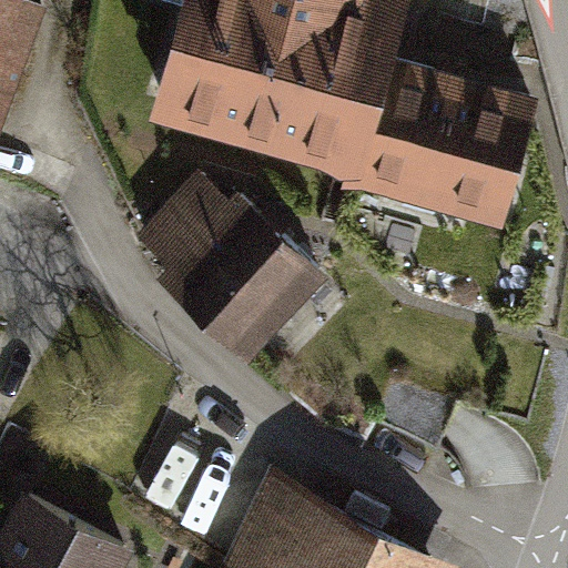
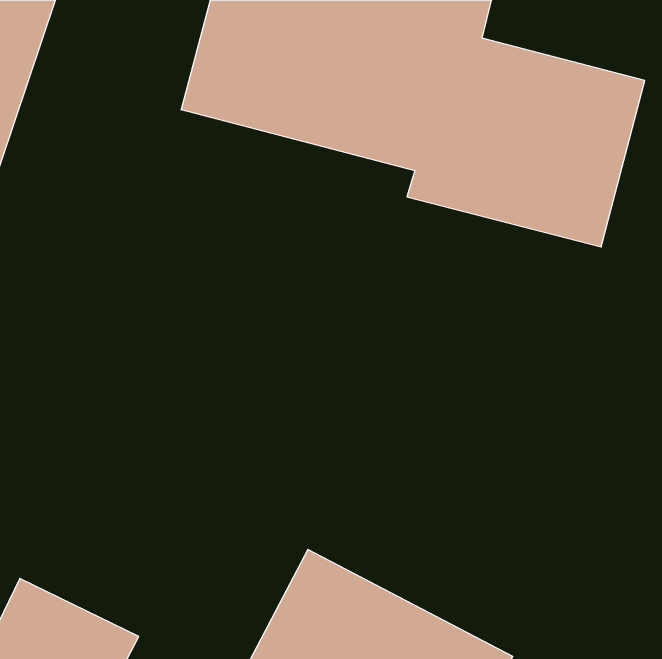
building: [134,168,324,365] -> none

